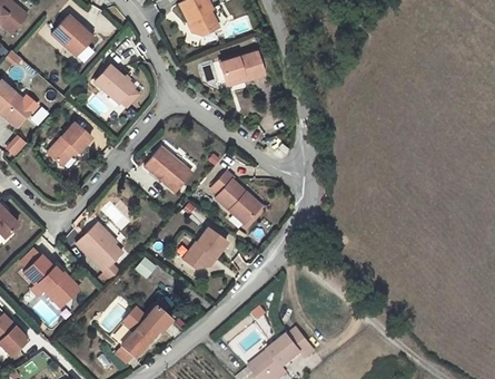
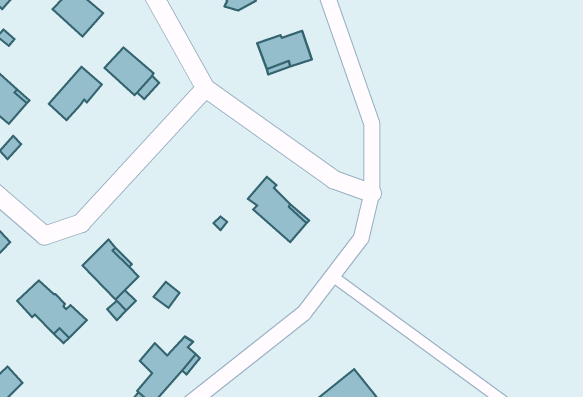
building: [48,123,91,166] -> [49,67,102,120]
building: [145,147,191,192] -> none
building: [184,227,228,268] -> none

